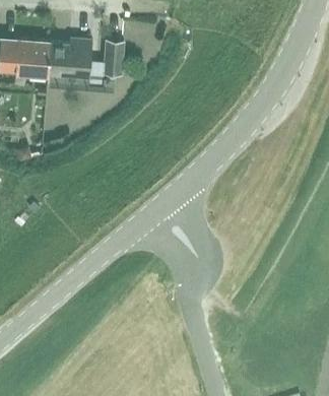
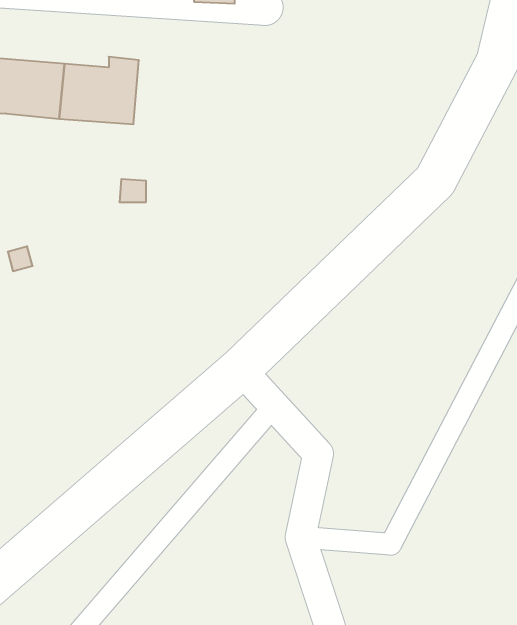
building: [103,41,123,74] -> none

